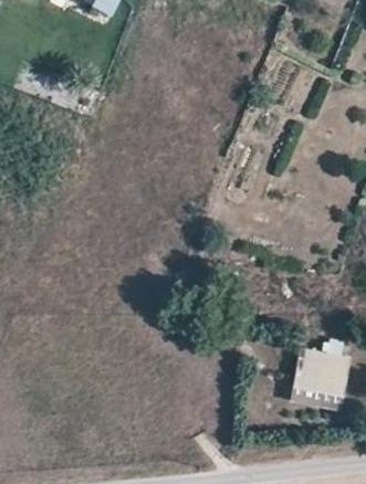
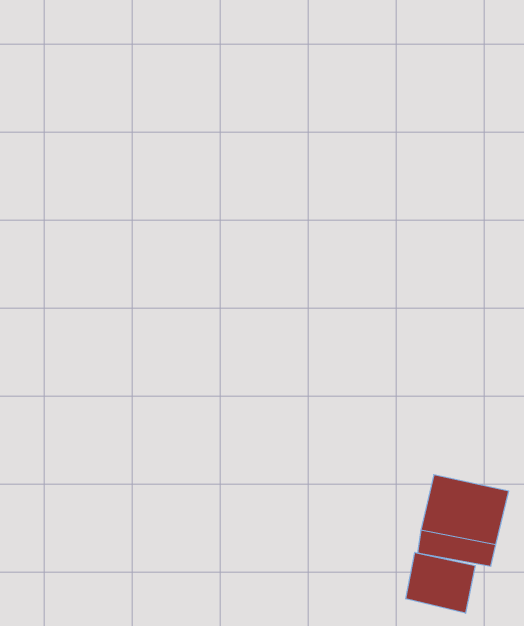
building: none -> [406,552,475,613]

